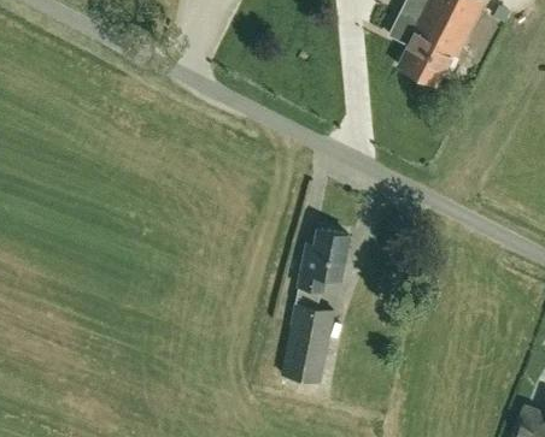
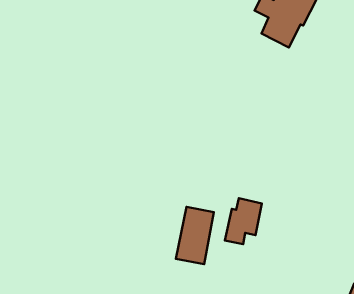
building: [299,228,350,290] -> [225,198,262,244]

